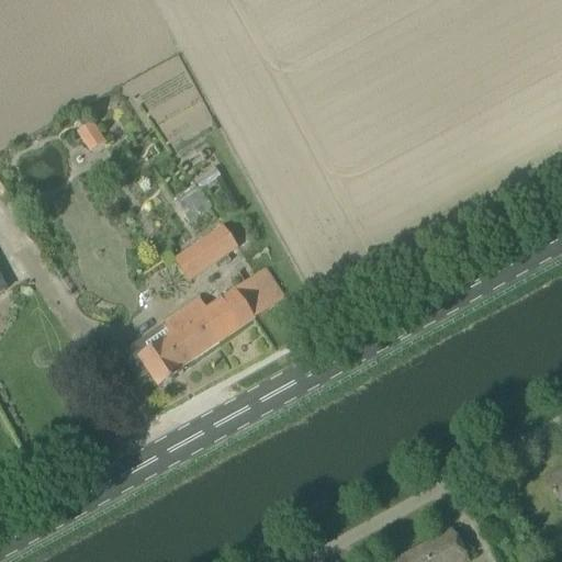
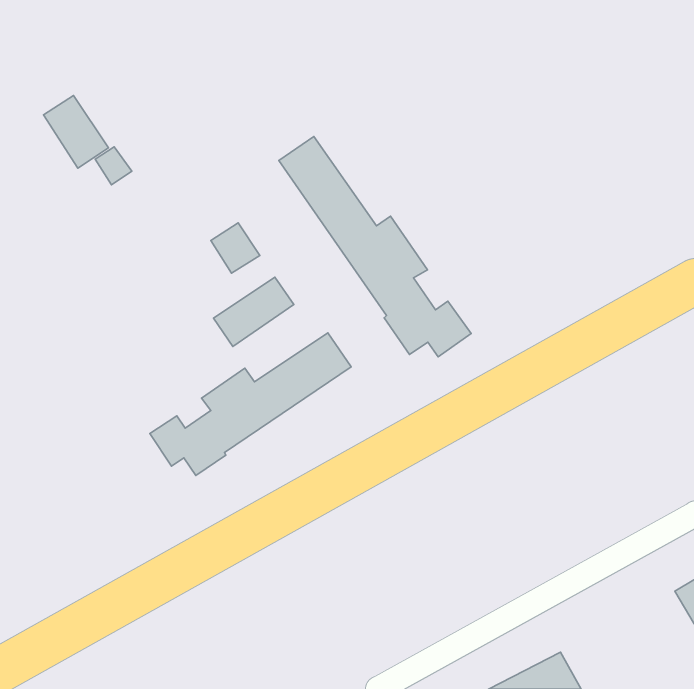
building: none -> [43,96,108,168]
building: none -> [279,137,471,357]

